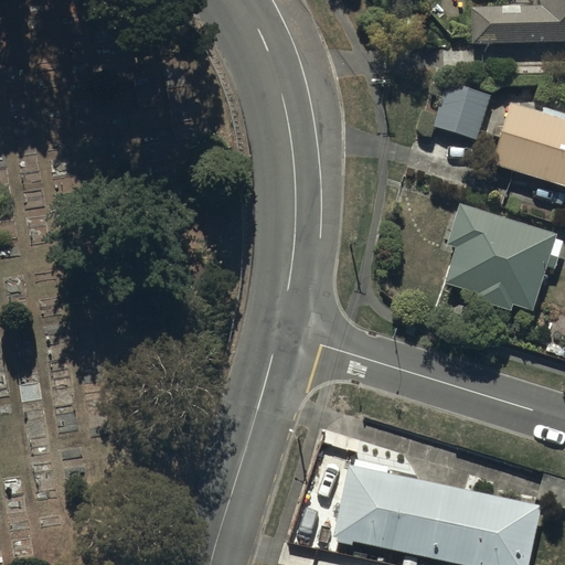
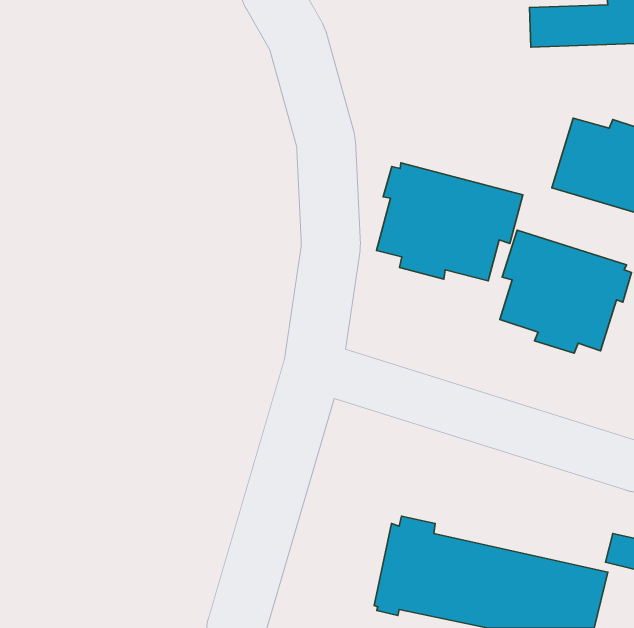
building: [434,79,490,138] -> none
building: none -> [377,163,523,281]

